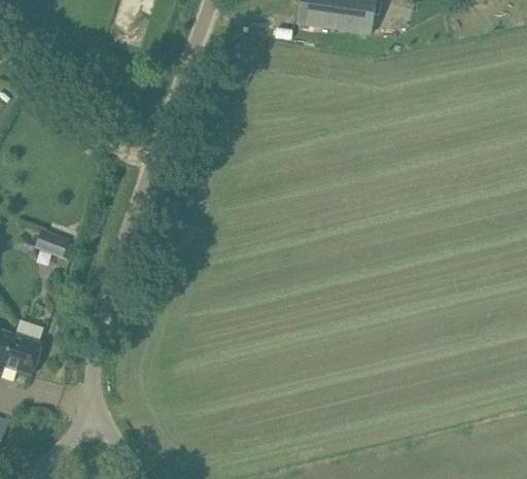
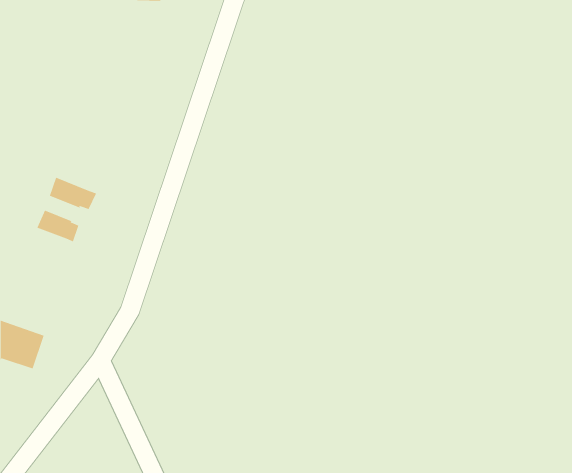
building: none -> [49,177,97,210]

